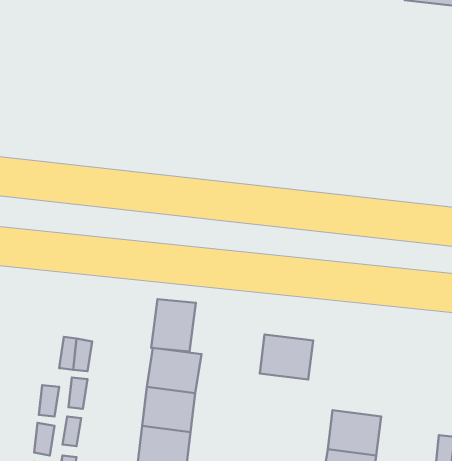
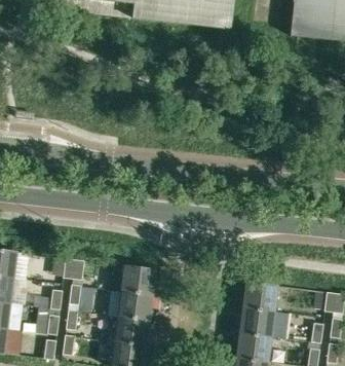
building: [151,299,196,351] -> none
building: [260,334,313,380] -> [243,280,278,309]

